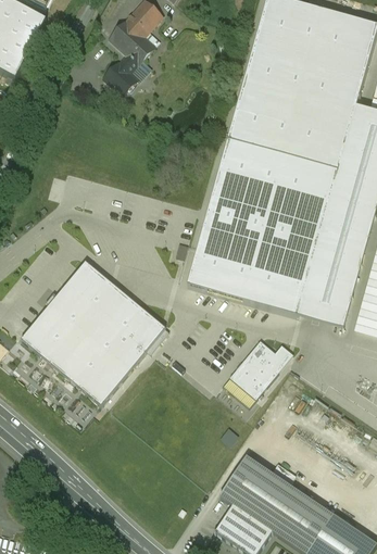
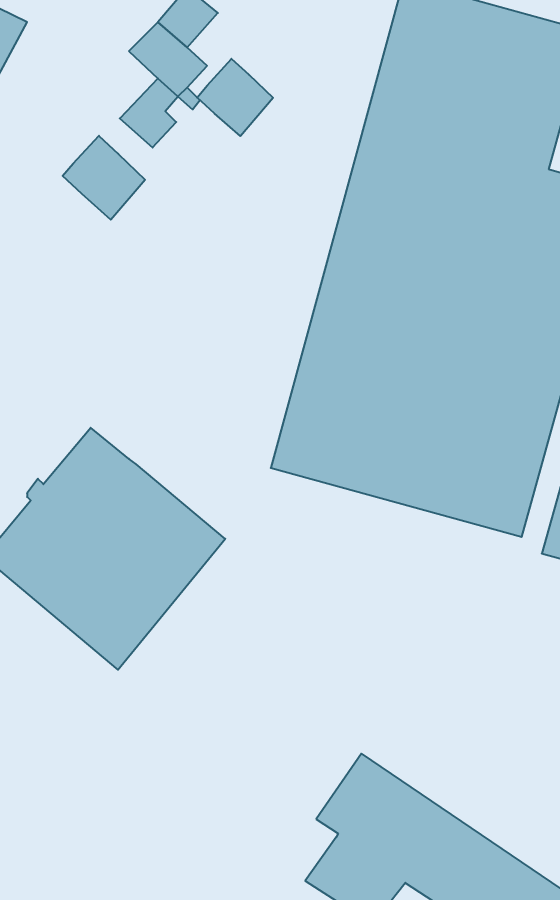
building: none -> [197,59,273,136]
building: none -> [63,136,145,220]
building: [230,339,292,395] -> none

